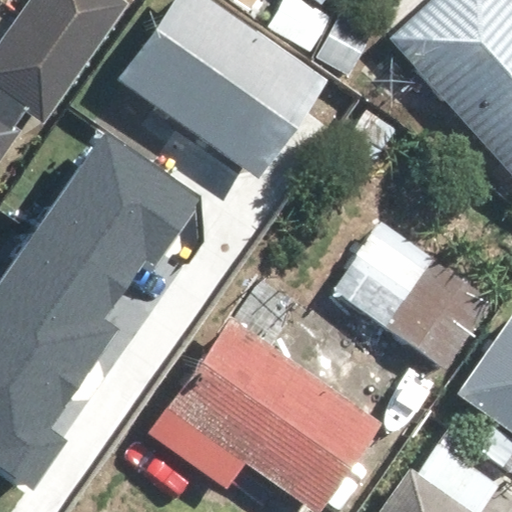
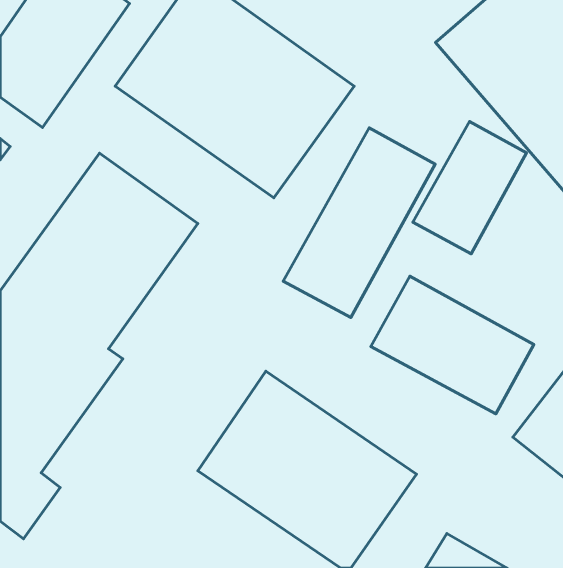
building: none -> [413,122,526,254]
building: none -> [283,128,435,318]

